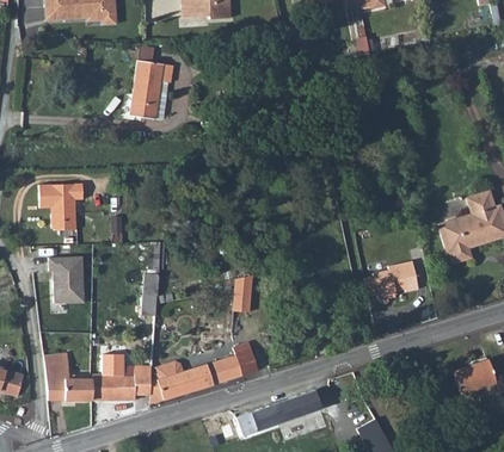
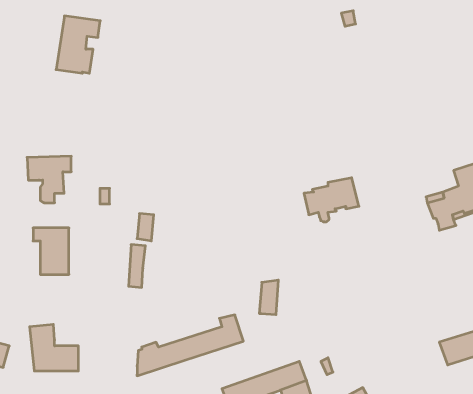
building: [129,61,173,118] -> [56,16,100,73]
building: [363,261,418,305] -> [304,178,359,222]
building: [233,277,252,311] -> [259,280,278,315]
building: [92,365,152,400] -> none

